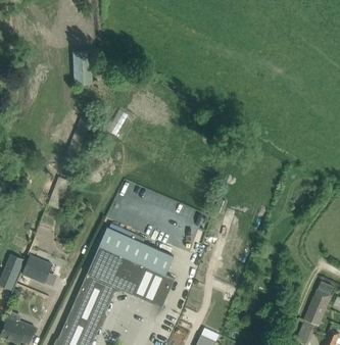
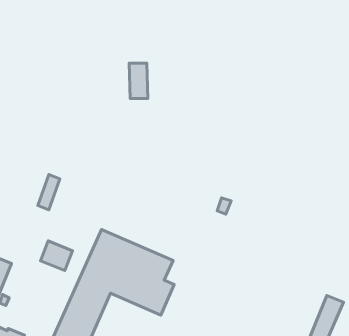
building: [74,51,91,84] -> [129,63,148,99]
building: [22,255,52,283] -> [41,241,72,271]

